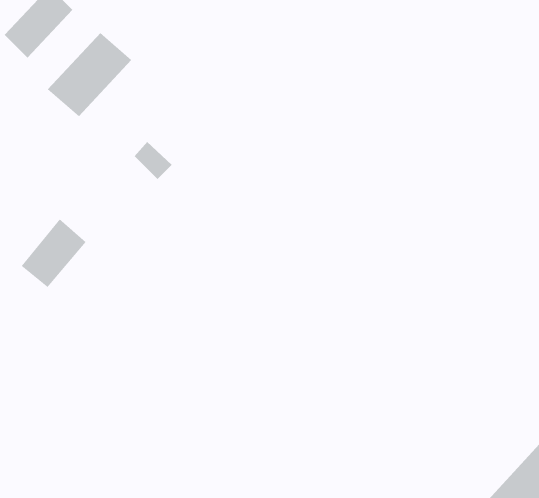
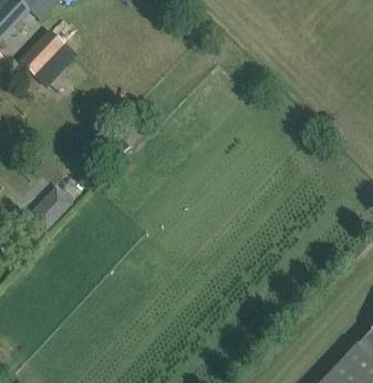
building: [47,32,132,117] -> none

